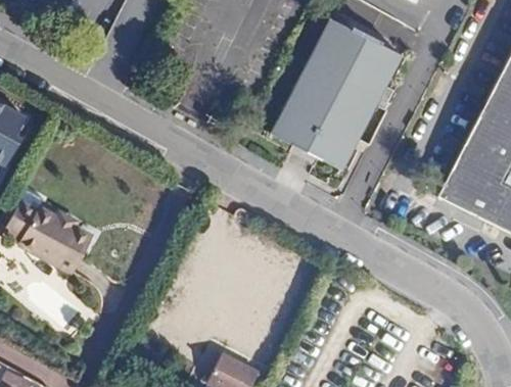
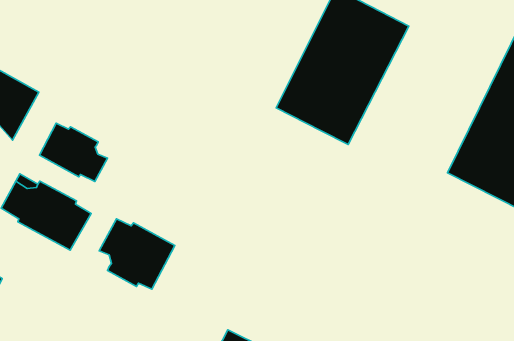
building: none -> [39,123,107,182]
building: none -> [99,219,175,289]

